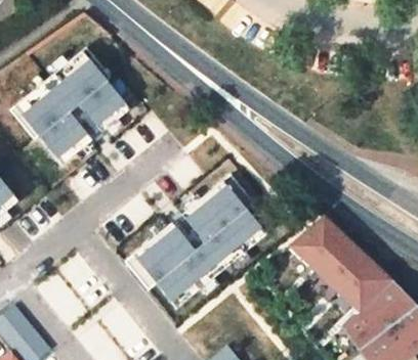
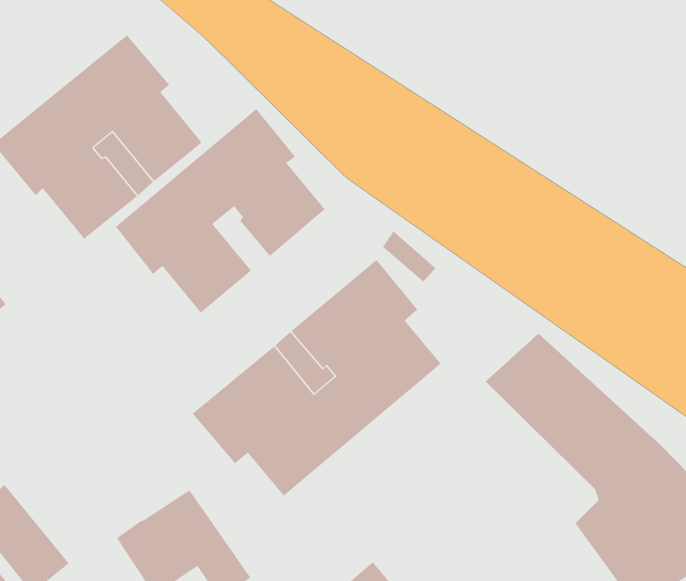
building: none -> [115,108,326,313]

